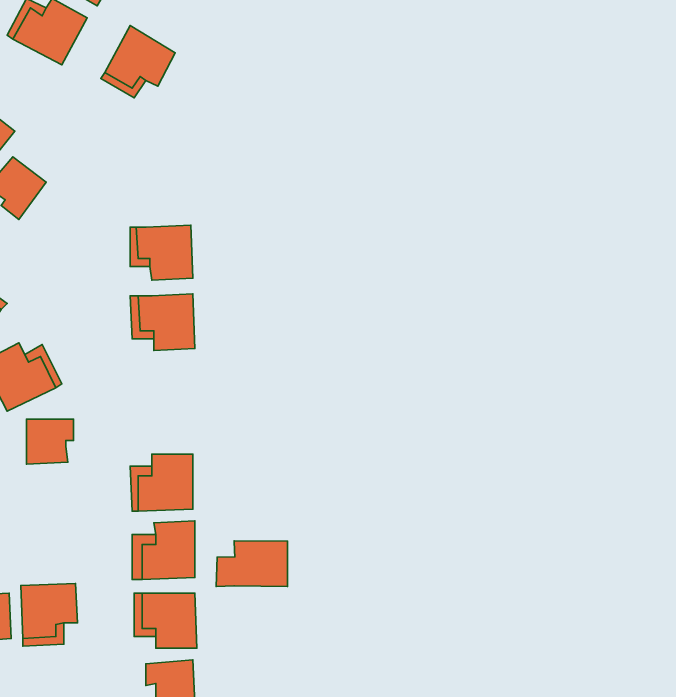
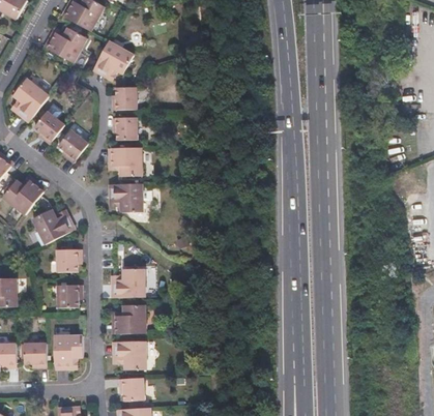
building: none -> [114,86,139,109]
building: none -> [114,116,140,139]
building: none -> [60,128,90,161]
building: none -> [57,285,82,307]
building: [216,541,287,586] -> none

